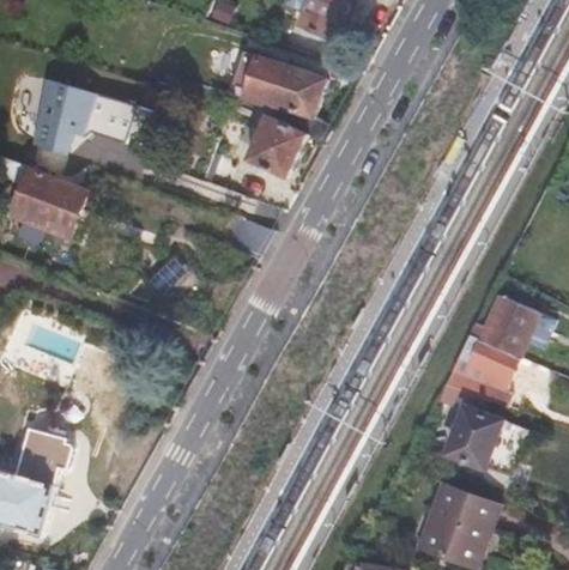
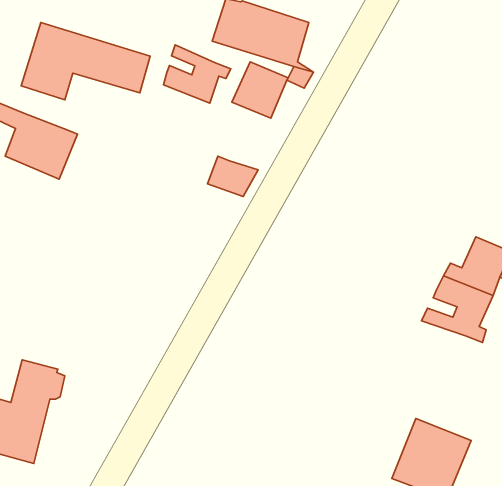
building: none -> [164,45,231,103]
building: [435,386,501,472] -> none

